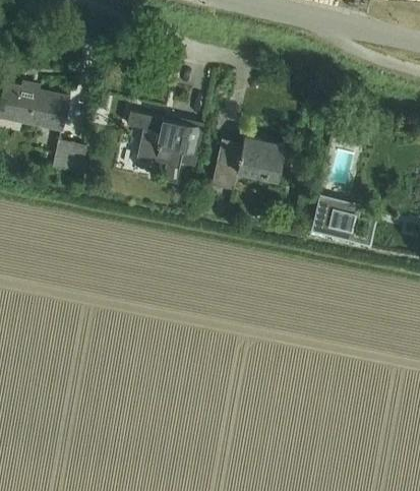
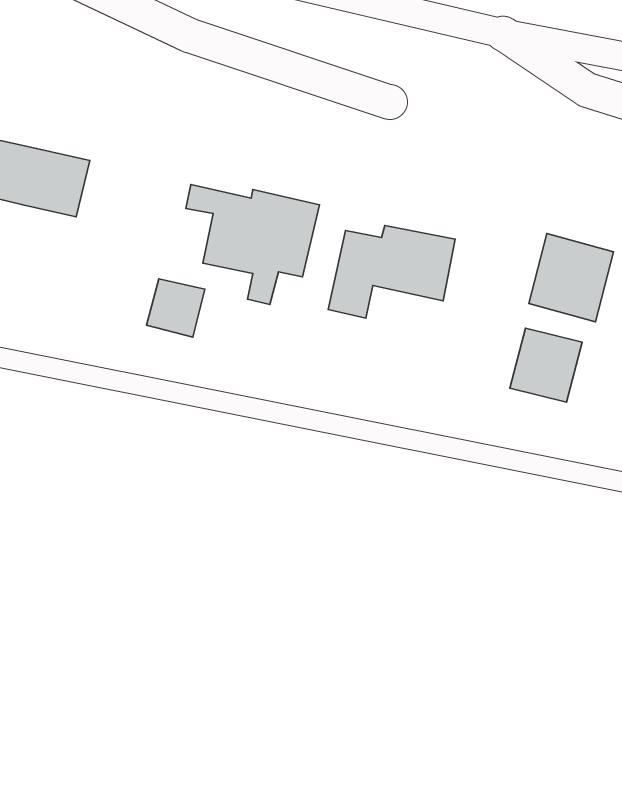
building: [51,139,85,174] -> [147,279,205,337]
building: none -> [529,234,614,322]

